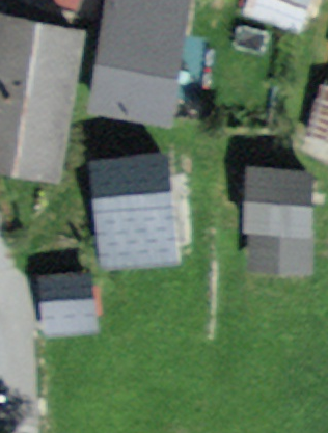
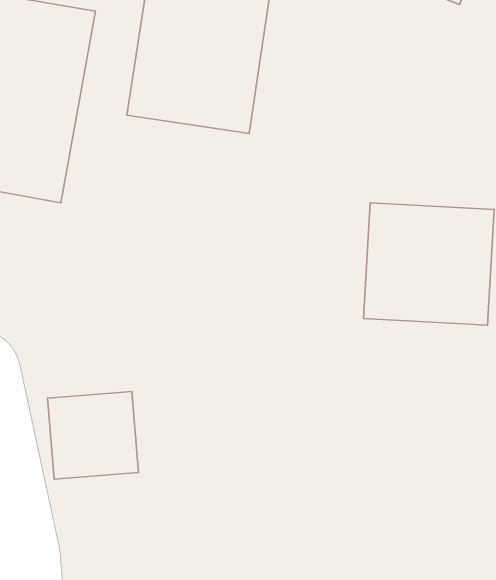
building: [89,157,176,256] -> none

